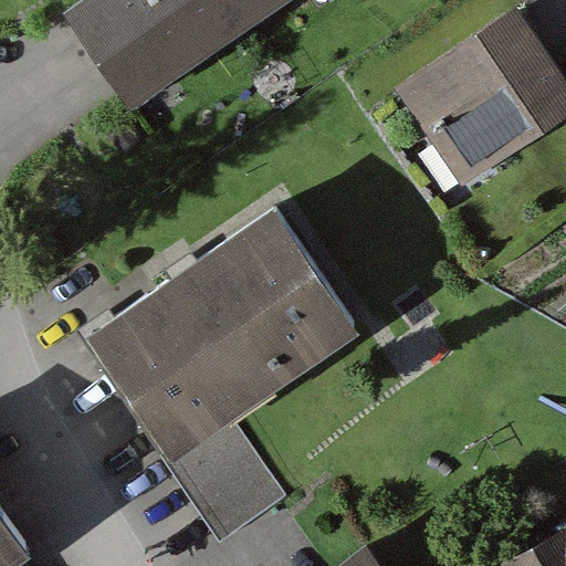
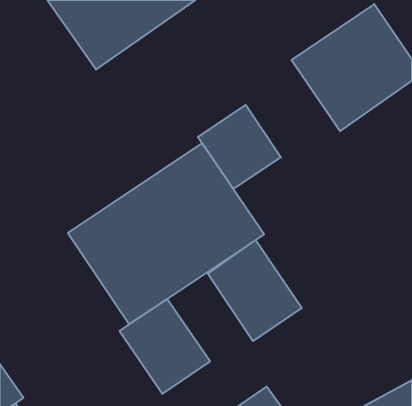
building: none -> [198,105,281,189]
building: none -> [208,240,302,341]

